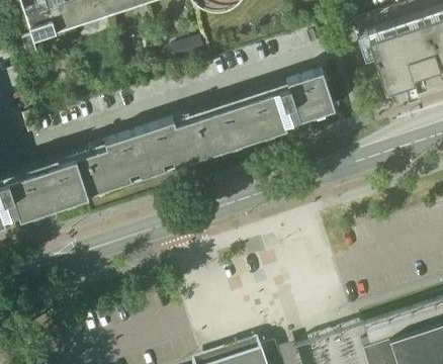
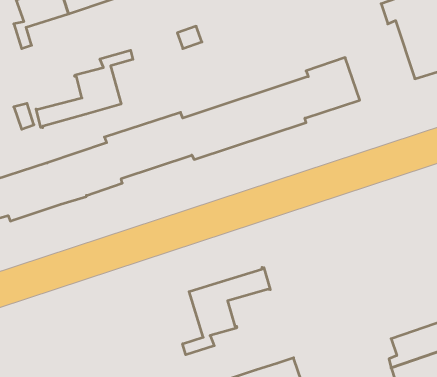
building: none -> [36,50,133,128]
building: none -> [183,267,270,355]

